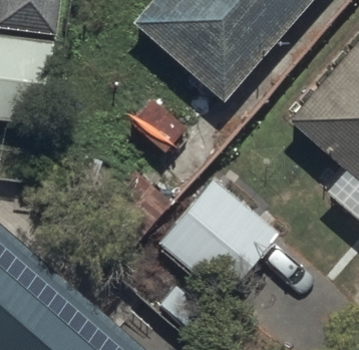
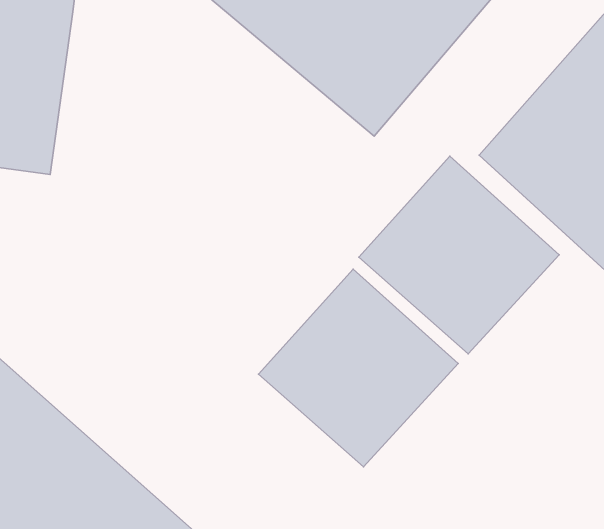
building: none -> [359,156,559,354]

